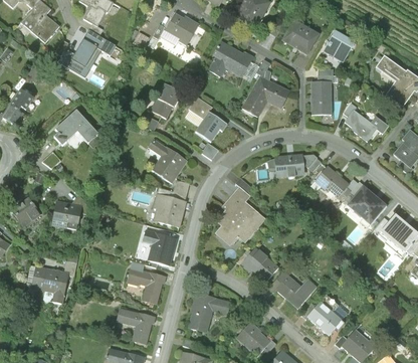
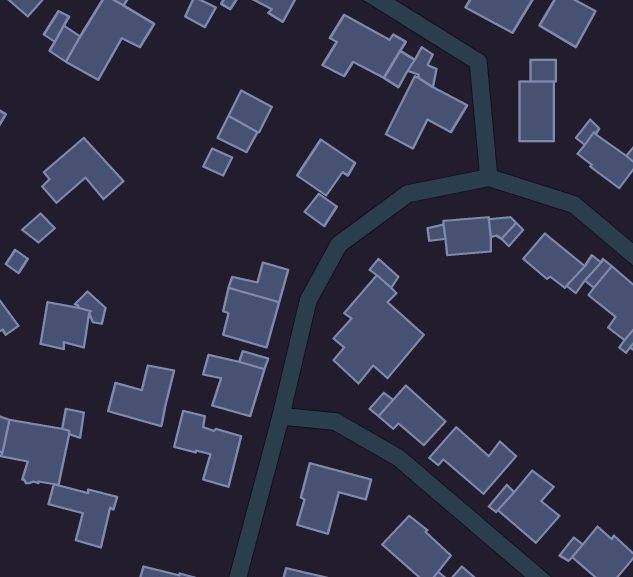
building: [147,140,184,183] -> none
building: none -> [108,366,174,426]
building: [115,310,153,345] -> [49,484,117,547]

